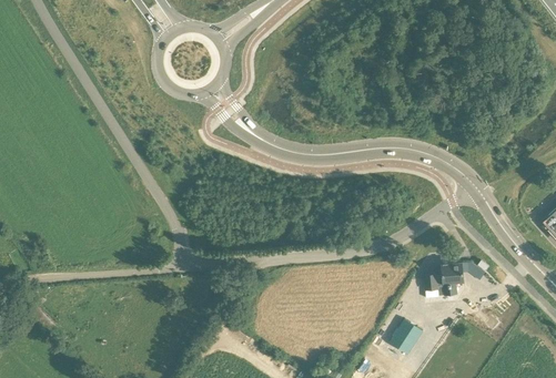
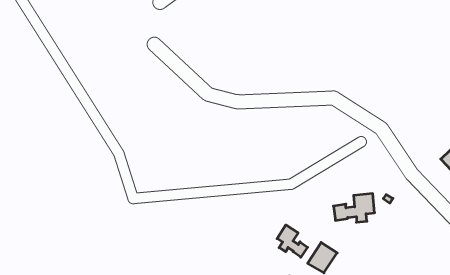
building: none -> [277,225,308,257]

